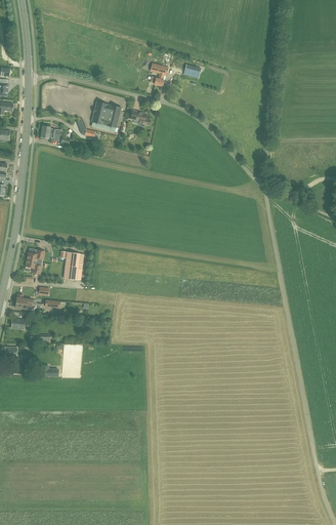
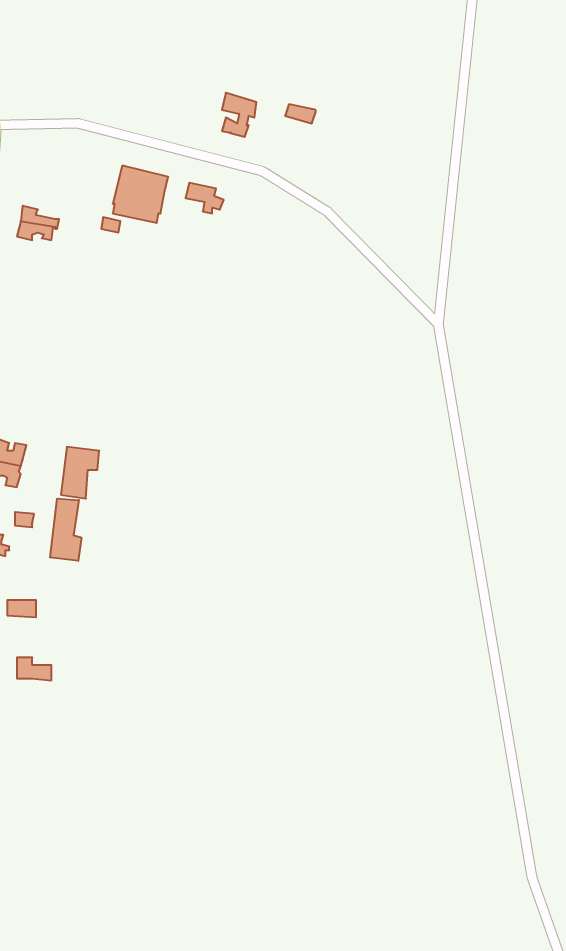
building: none -> [50,499,81,561]

